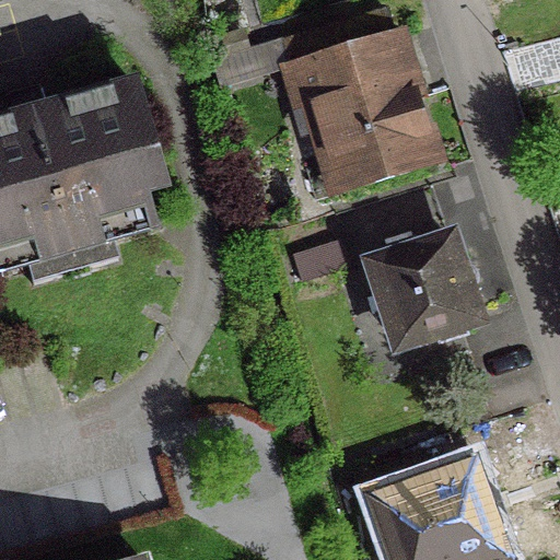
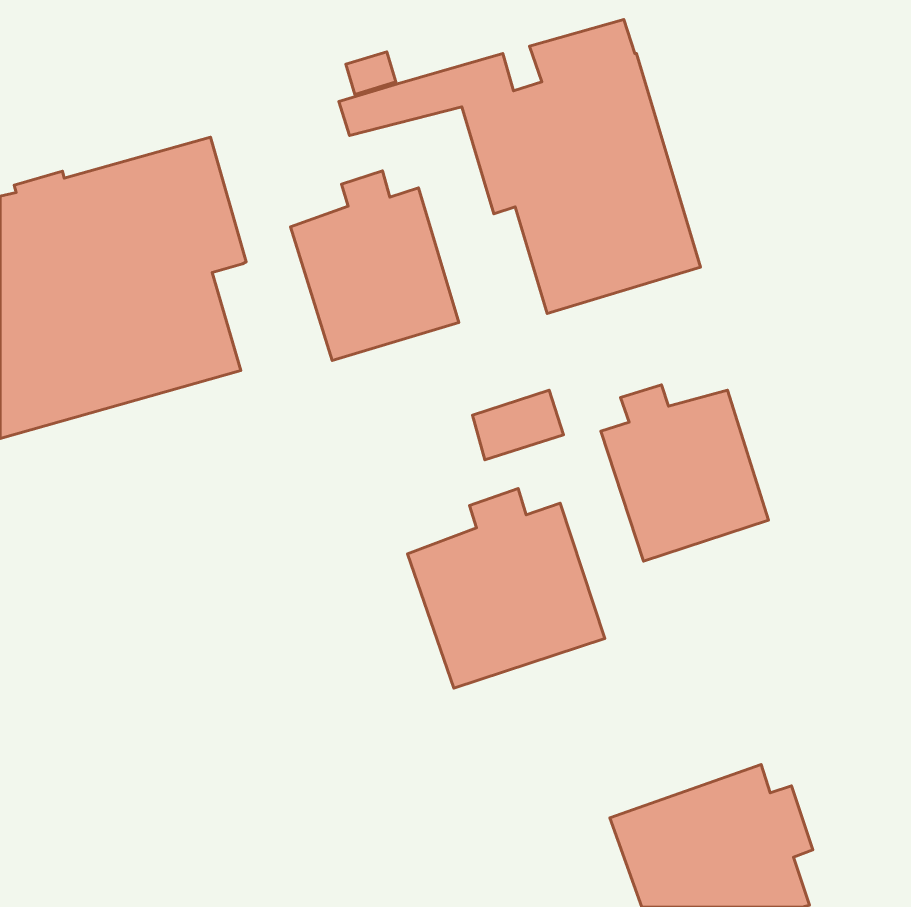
building: none -> [290,171,459,360]
building: none -> [408,488,605,688]

